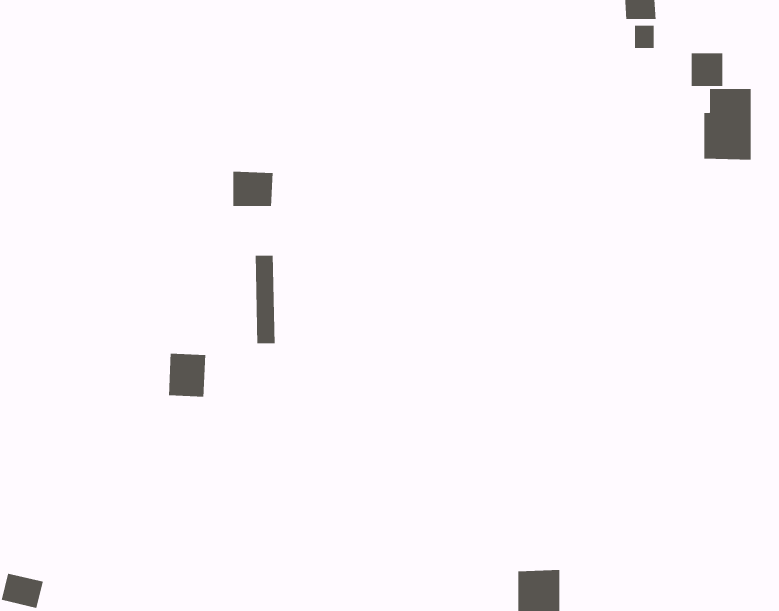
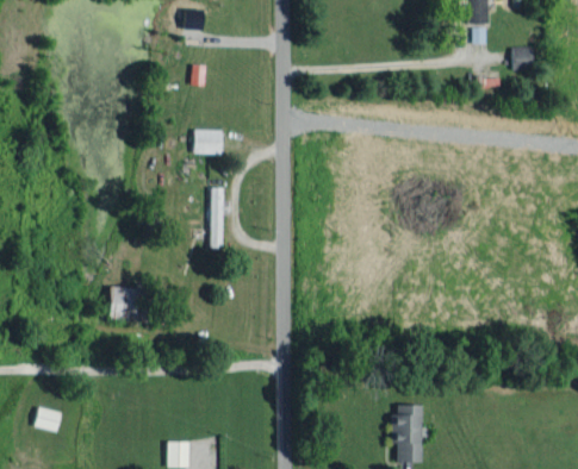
building: [703,88,751,161] -> none
building: [168,353,206,397] -> [108,287,135,318]

